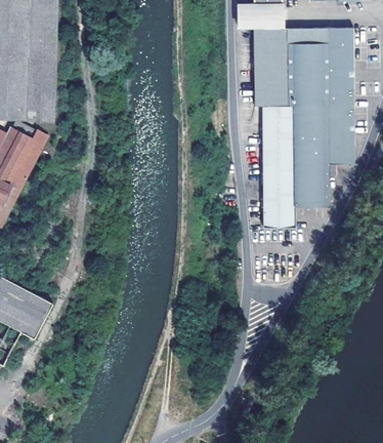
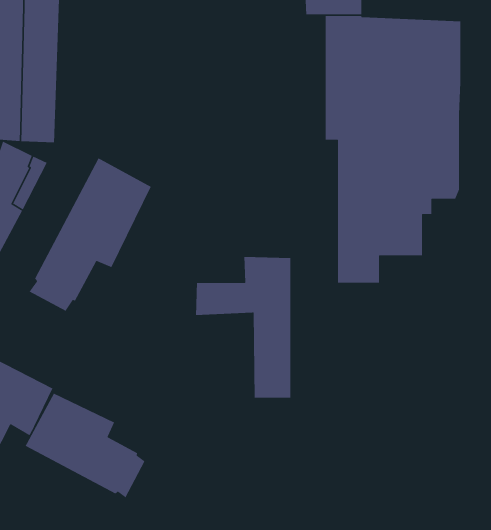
building: none -> [29,157,152,312]
building: none -> [195,256,291,399]
building: none -> [24,392,145,498]

